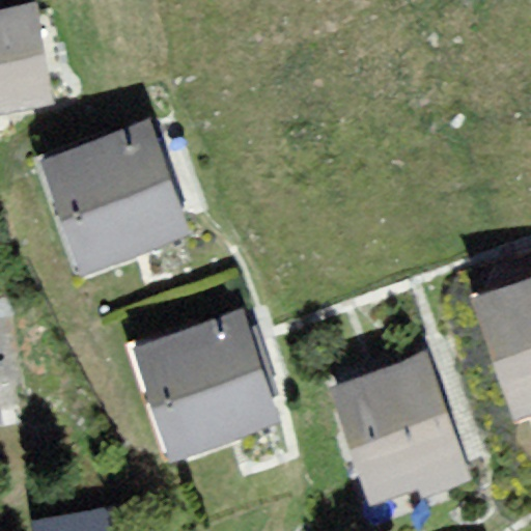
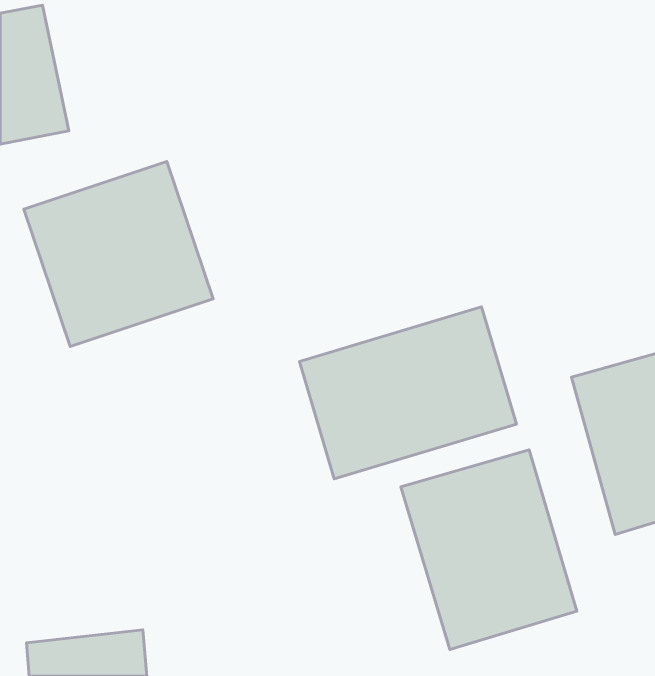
building: none -> [300,307,516,479]
building: [133,312,278,456] -> none

